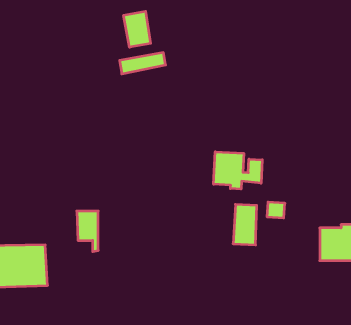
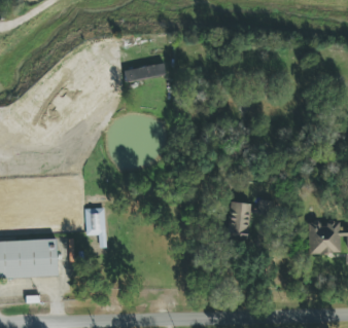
building: [124,11,151,47] -> none
building: [214,152,262,189] -> none

